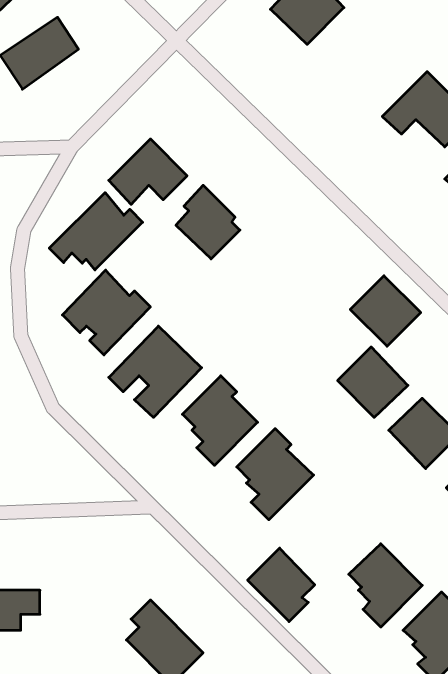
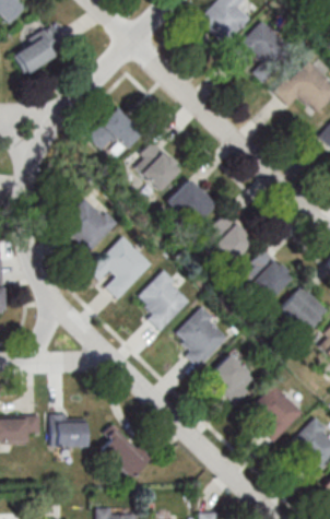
building: none -> [233,22,293,83]
building: [49,193,143,270] -> none
building: none -> [165,178,213,226]
building: [350,276,421,346] -> [204,215,252,263]
building: [248,548,315,622] -> [208,353,254,403]
building: none -> [50,412,85,446]

